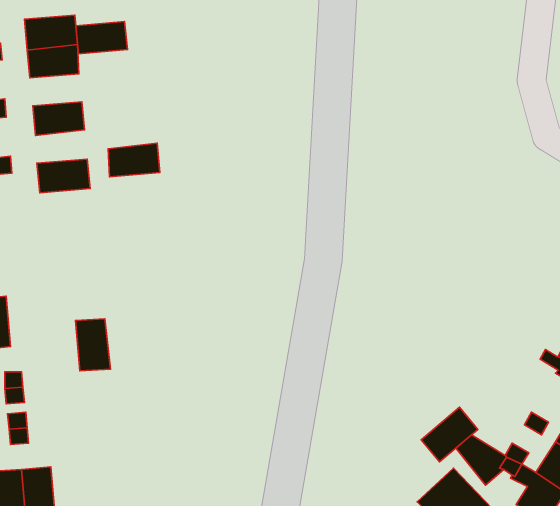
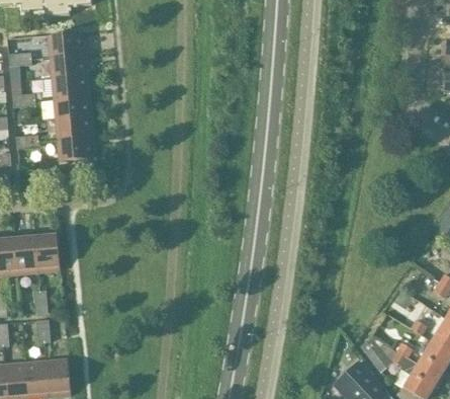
building: [76,22,127,54] -> [51,74,88,97]
building: [108,143,160,177] -> [55,114,92,139]
building: [76,319,111,371] -> [33,234,59,271]
building: [421,407,478,462] -> none

